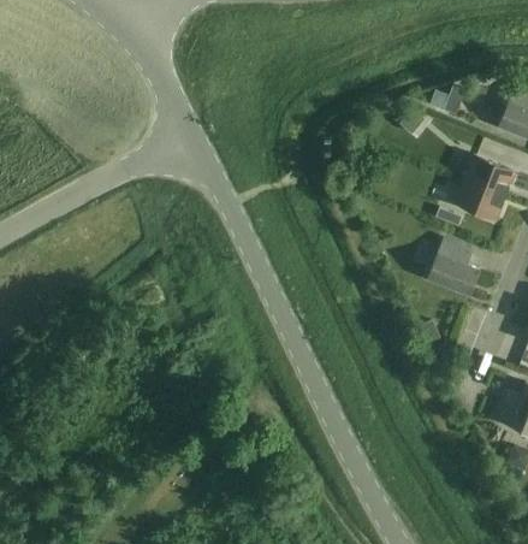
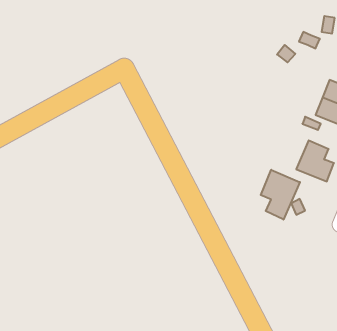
building: none -> [261,170,300,220]

